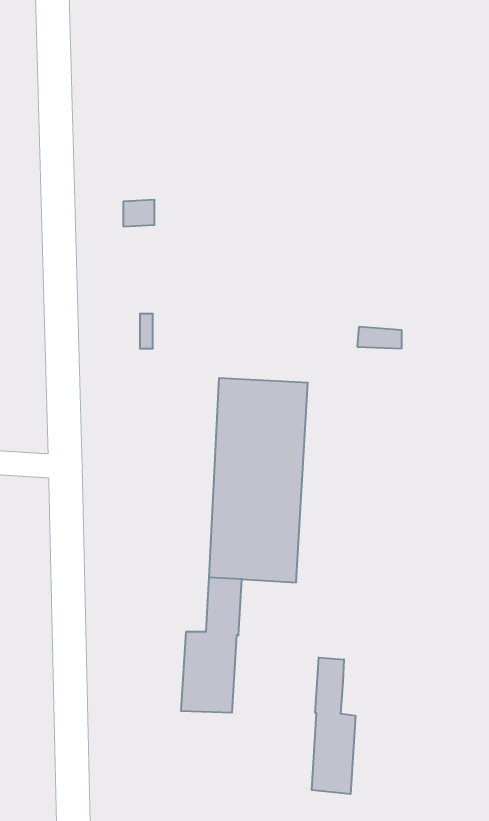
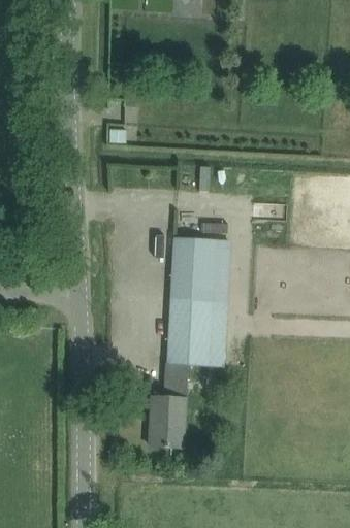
building: [312,657,355,794] -> none

